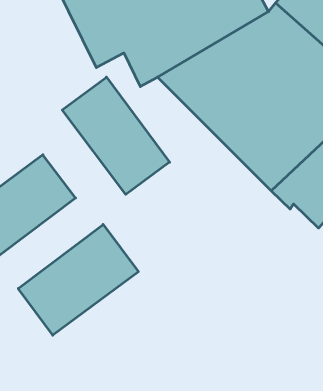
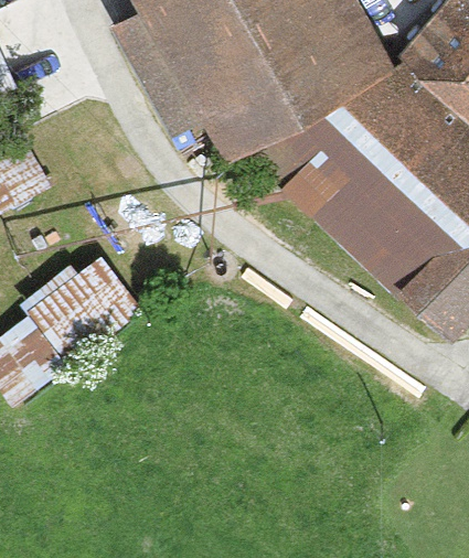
building: [62,77,170,194] -> none
building: [18,224,138,335] -> none

